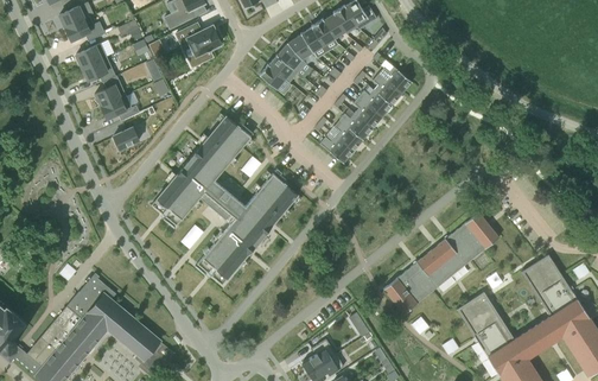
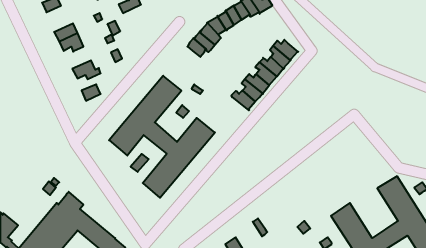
building: [64,17,104,42] -> none
building: [176,24,222,58] -> none
building: [95,76,126,107] -> none
building: [382,212,498,316] -> none

